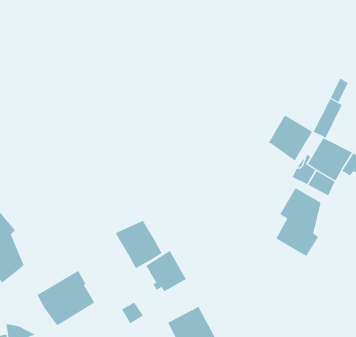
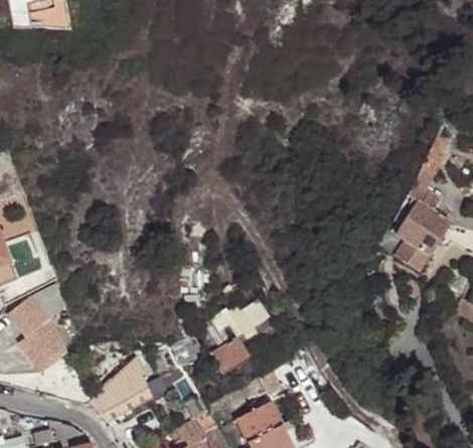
building: [268,115,313,161] -> none
building: [275,187,321,257] -> none
building: [115,219,163,269] -> none

